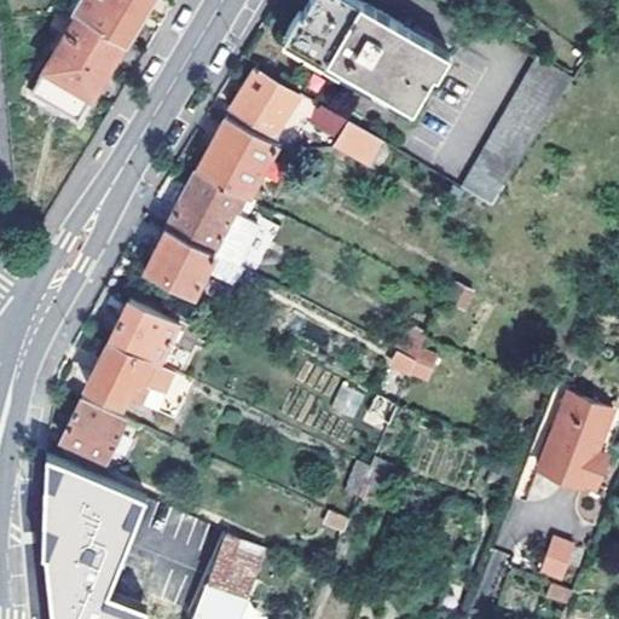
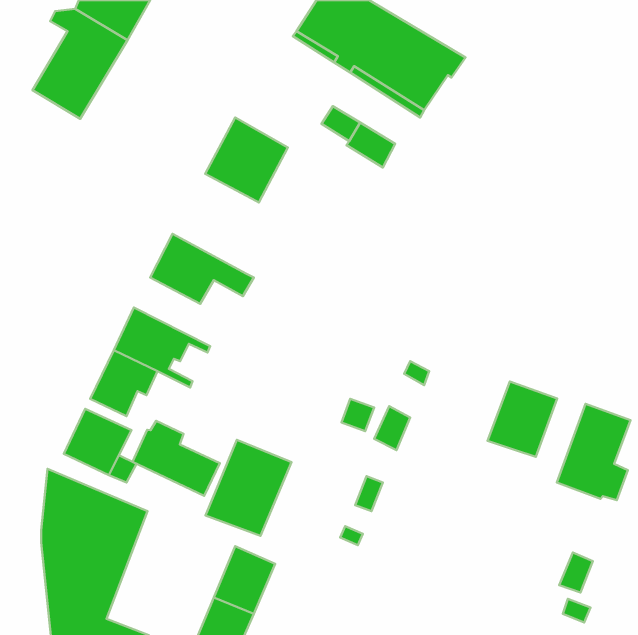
building: [459,59,574,208] -> none
building: [231,68,300,134] -> none
building: [167,172,260,268] -> none
building: none -> [488,381,557,457]
building: none -> [132,421,220,496]
building: none -> [205,440,292,536]

